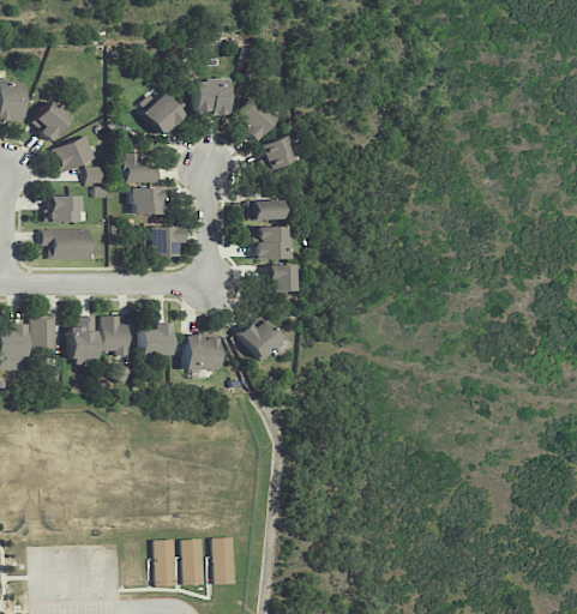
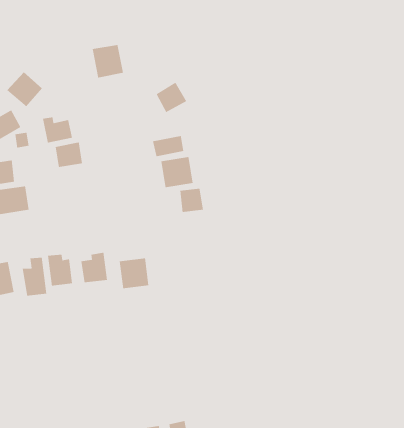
building: [142,92,185,136] -> [7,71,43,107]
building: [238,96,277,140] -> none
building: [145,227,181,255] -> none
building: [239,319,294,362] -> none

